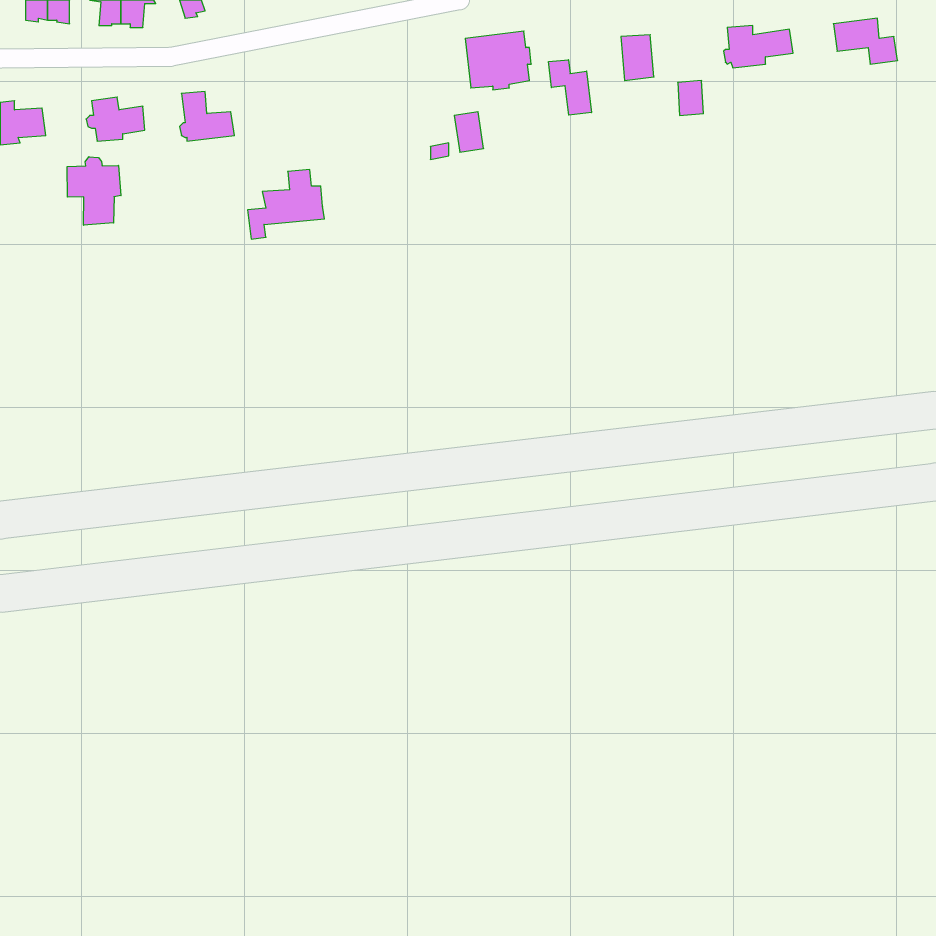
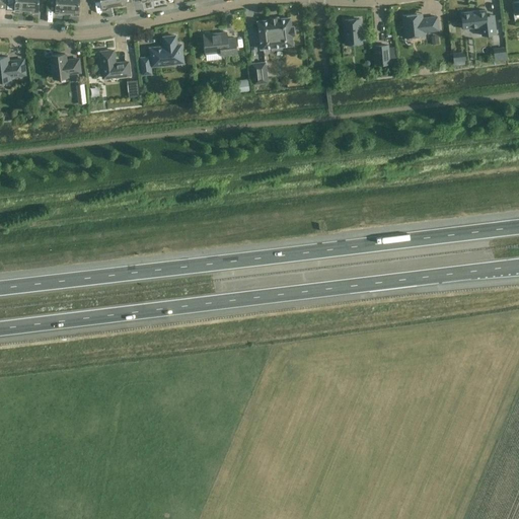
building: none -> [204,32,237,55]
building: [549,60,591,115] -> none
building: [67,157,121,225] -> none
building: [248,170,324,239] -> [141,35,183,74]

